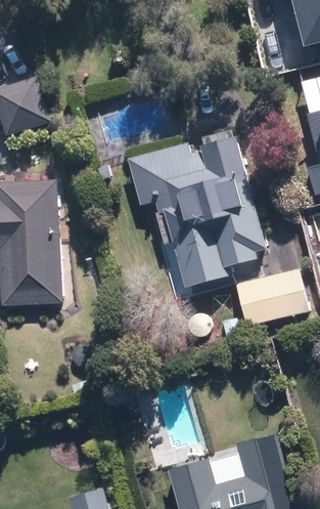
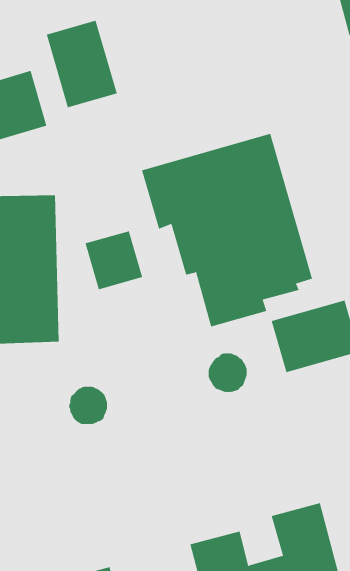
building: none -> [46,20,117,108]
building: none -> [85,230,143,290]

